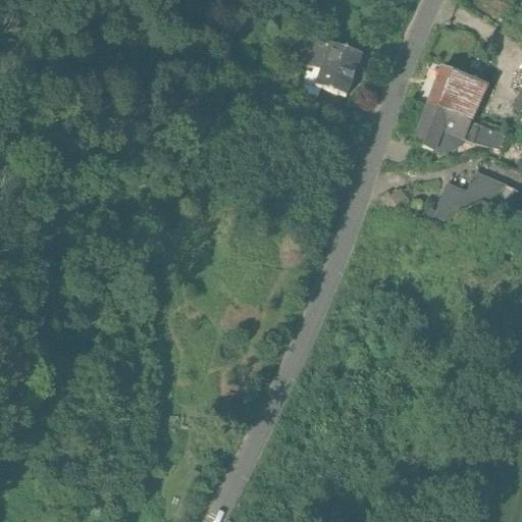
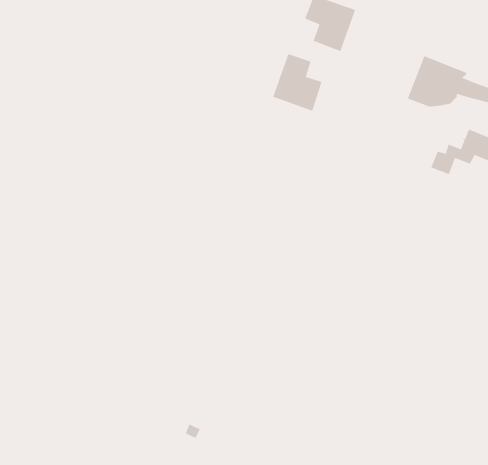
building: [429,64,487,114] -> none
building: none -> [272,53,323,112]

